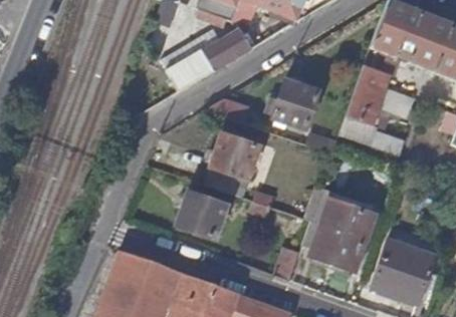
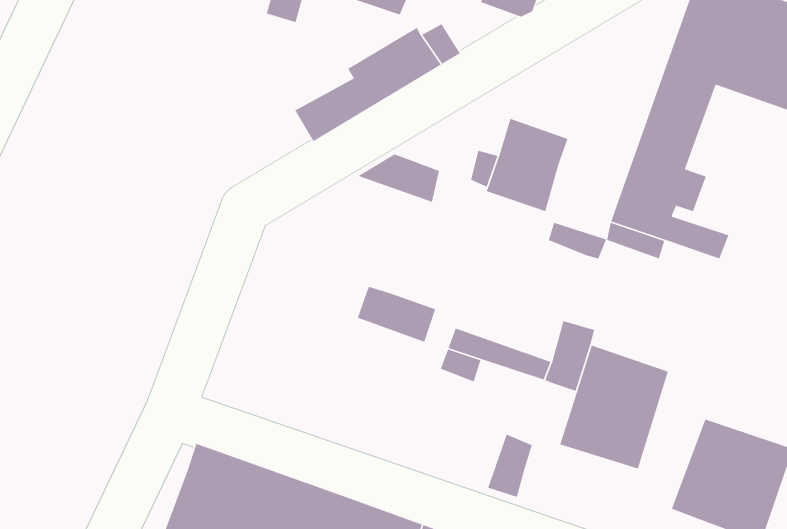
building: [211,131,258,178] -> none
building: [176,190,228,238] -> none

